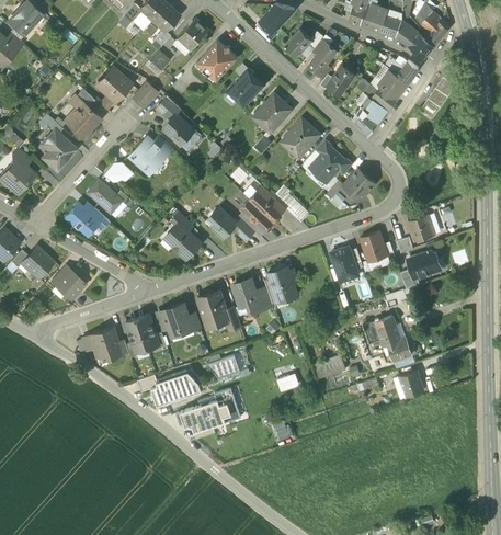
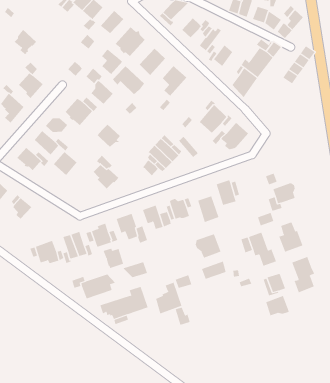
building: [100,67,130,102] -> [14,29,37,55]
building: none -> [101,49,123,75]
building: none -> [112,65,145,95]
building: [284,118,320,159] -> none
building: [205,207,237,239] -> [97,124,121,148]
building: none -> [53,151,77,176]
building: [407,215,434,242] -> none
building: [361,231,388,262] -> none
building: none -> [197,196,219,223]
building: none -> [279,222,303,253]
building: none -> [195,233,221,259]
building: none -> [103,248,124,269]
building: none -> [292,256,315,293]
building: none -> [155,282,182,314]
building: none -> [266,295,289,316]

